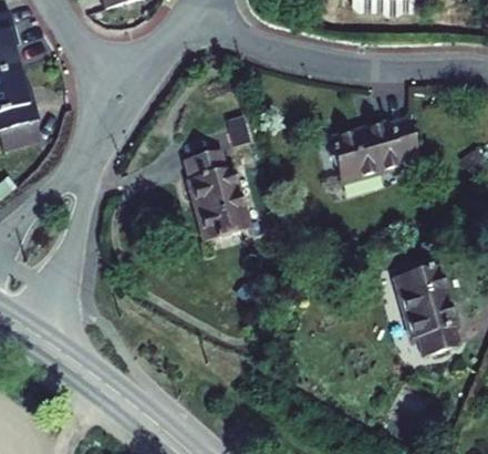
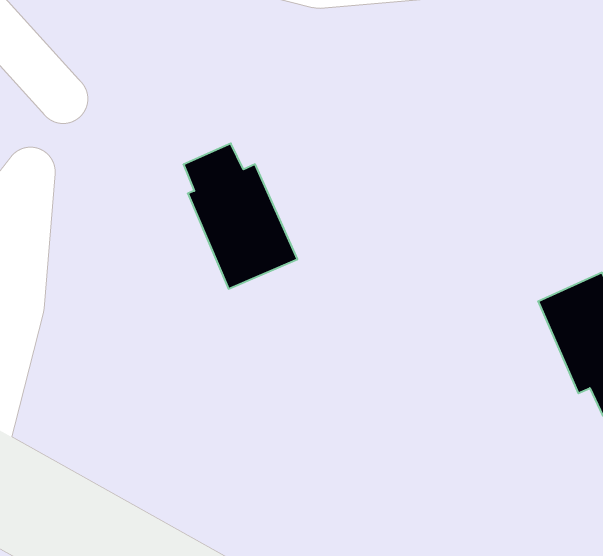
building: [338,122,430,185] -> none

